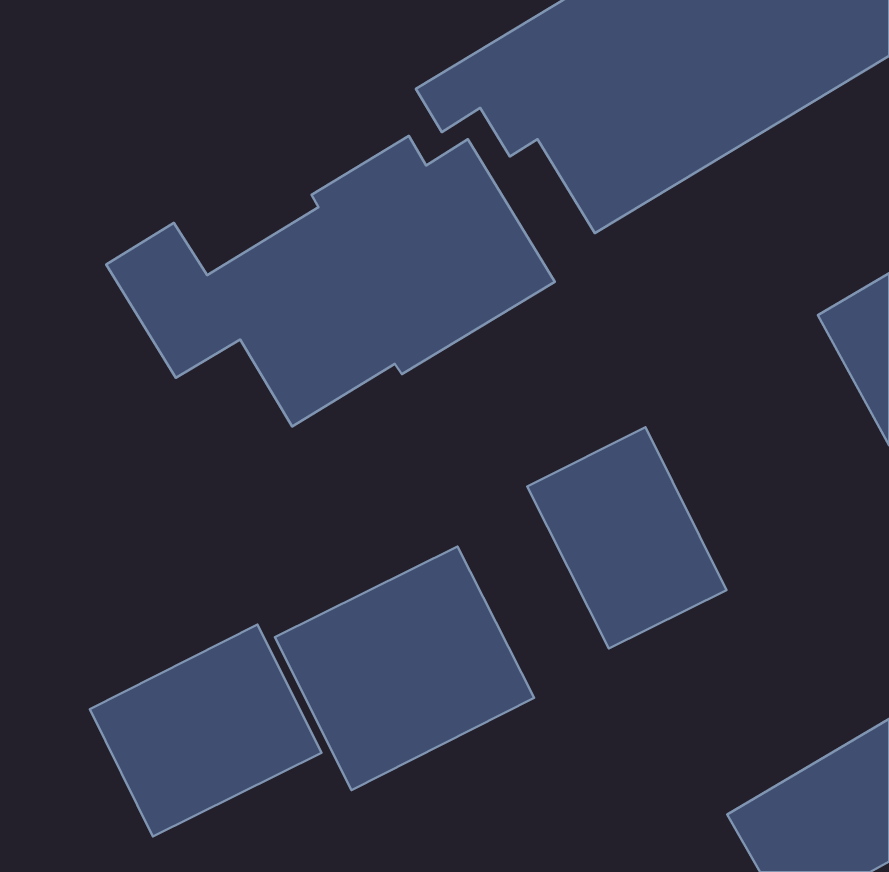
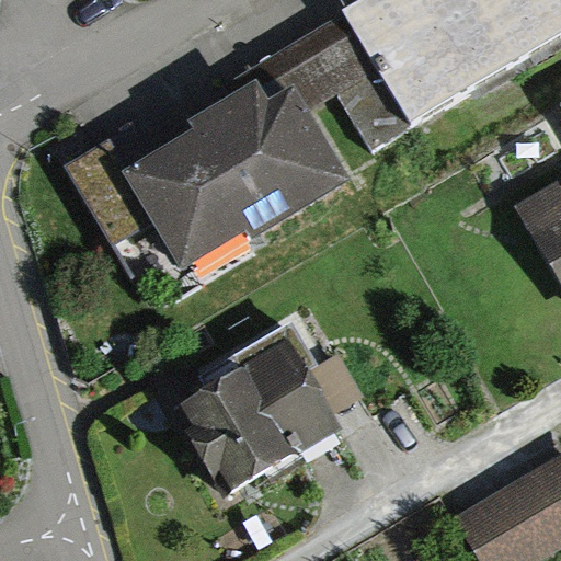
building: [527,427,726,648] -> none
building: [90,625,321,837] -> none

